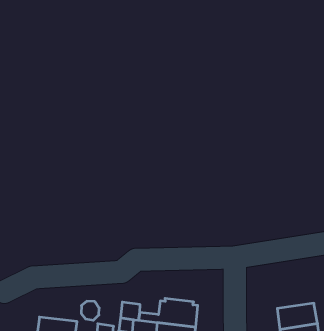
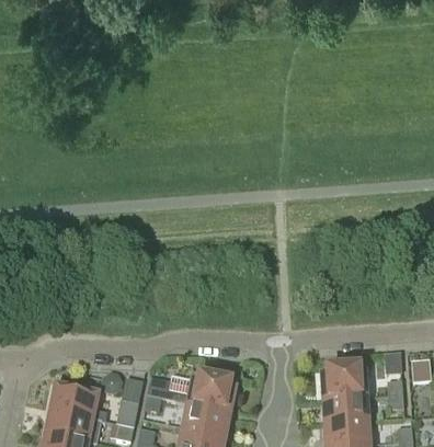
building: none -> [321,366,365,397]

